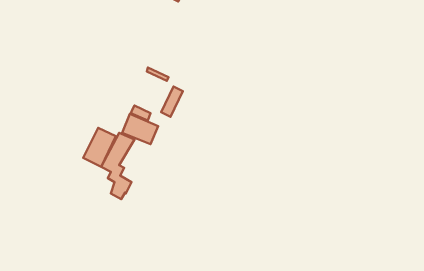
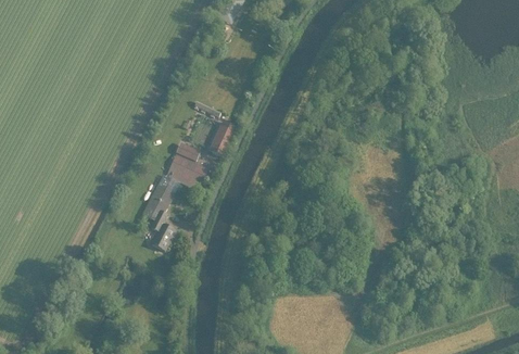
building: [83,128,116,167] -> none

